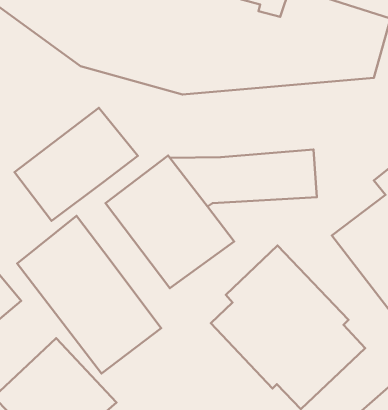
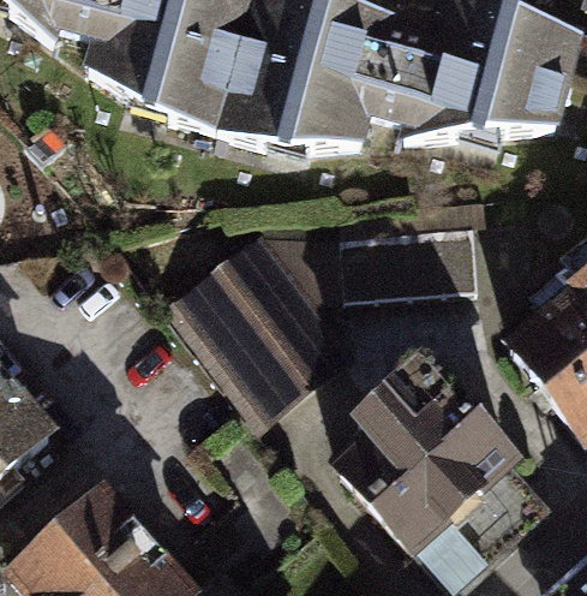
building: [14,108,138,221] -> none
building: [17,216,161,374] -> none

